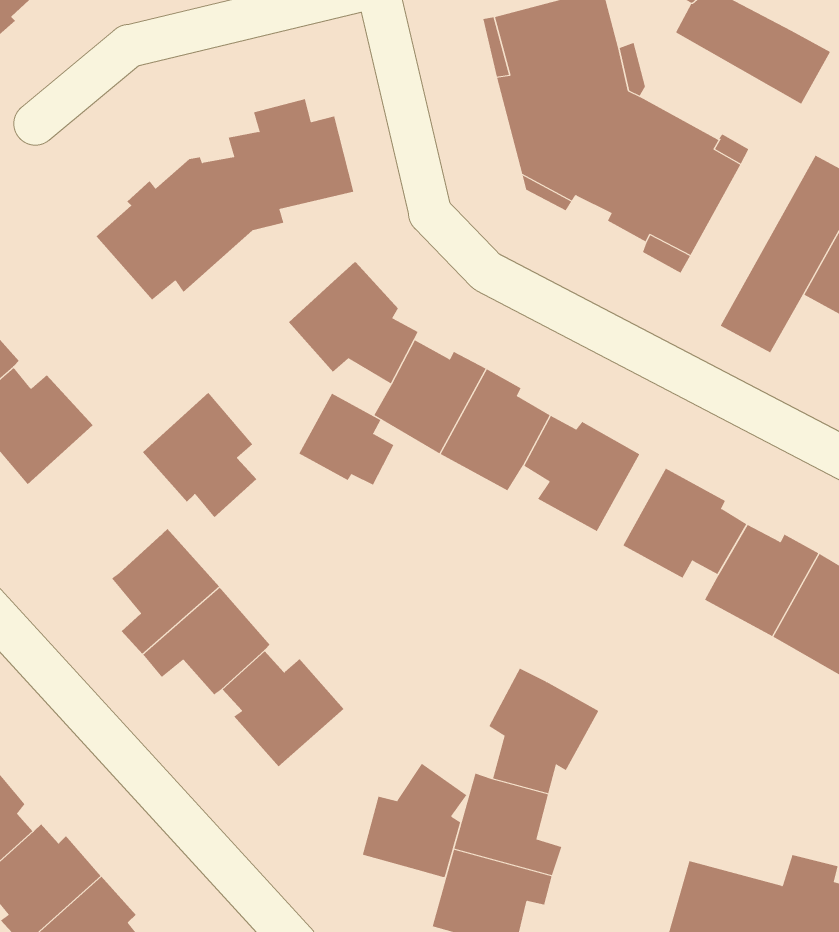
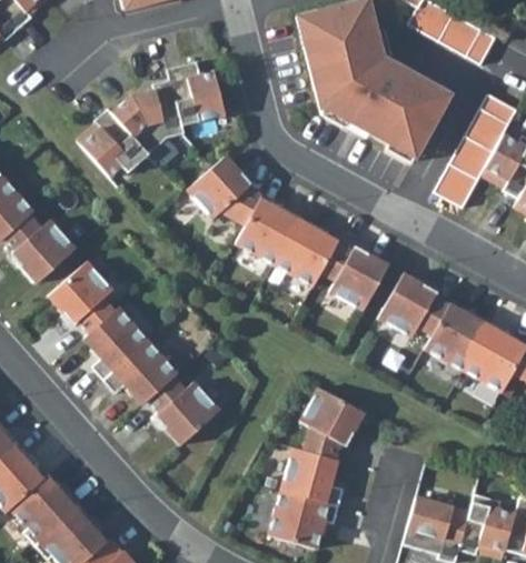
building: [142,392,257,518] -> [49,260,115,332]
building: [298,393,394,486] -> none
building: [362,763,467,878] -> none

